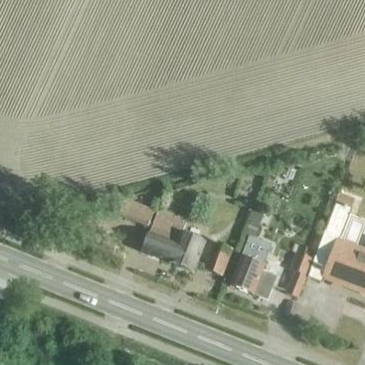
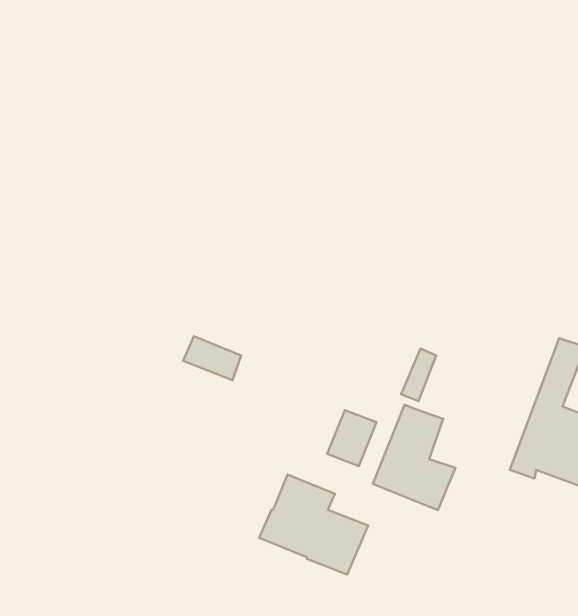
building: [143,211,205,268] -> [259,475,368,575]
building: [287,250,314,296] -> none

